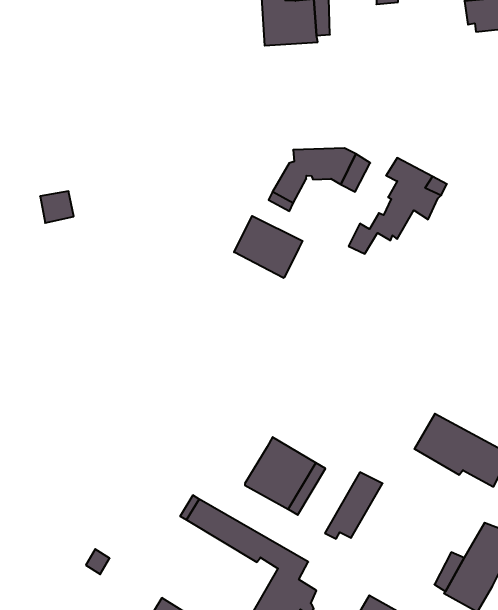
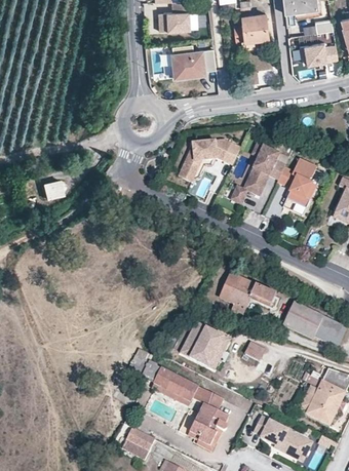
building: none -> [281,161,320,210]
building: [234,216,303,278] -> none
building: none -> [219,274,274,317]

